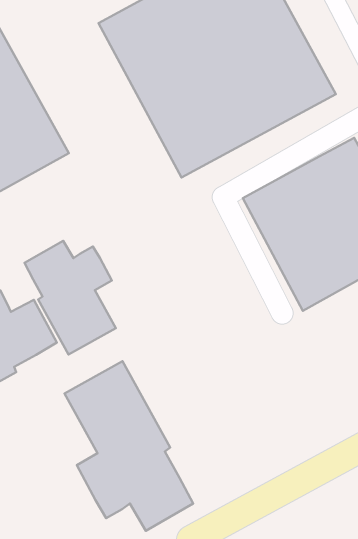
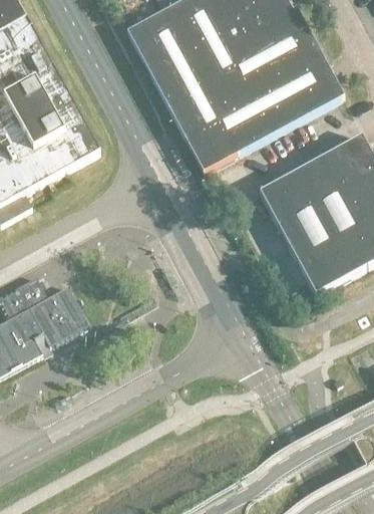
building: [24,241,116,355] -> none
building: [64,361,193,531] -> none

